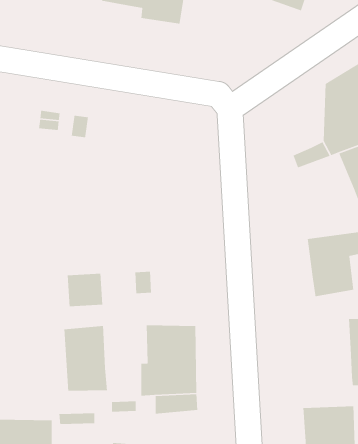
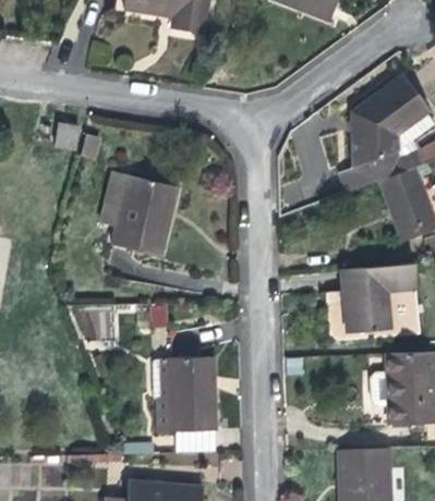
building: none -> [101,172,183,258]
building: [64,325,108,392] -> none

